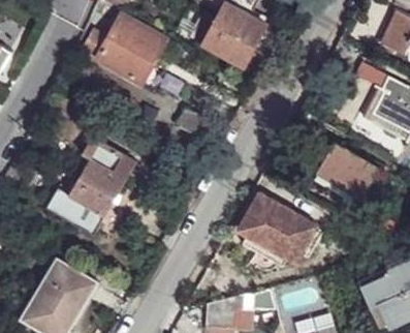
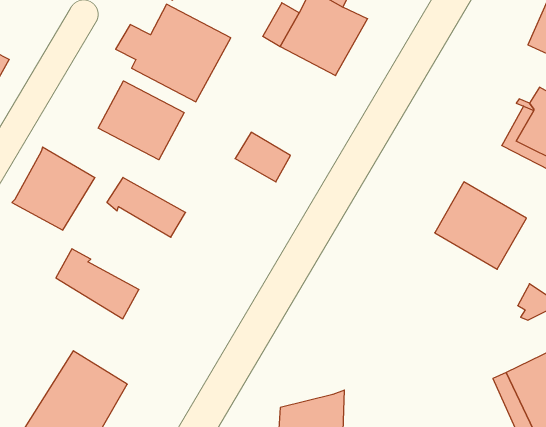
building: none -> [98,81,184,160]
building: [68,159,127,218] -> [12,147,95,230]
building: [238,193,317,267] -> none

